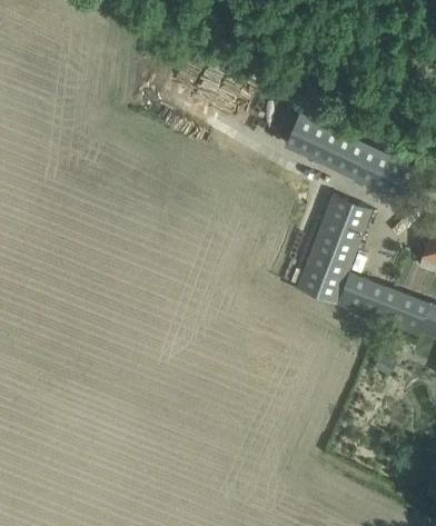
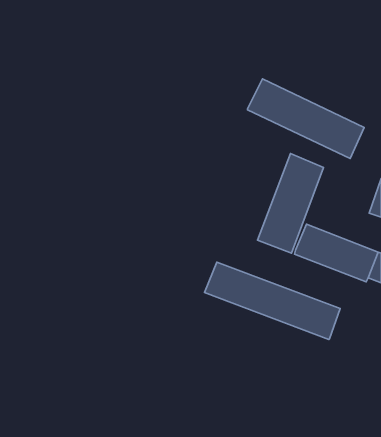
building: none -> [204,262,340,340]

